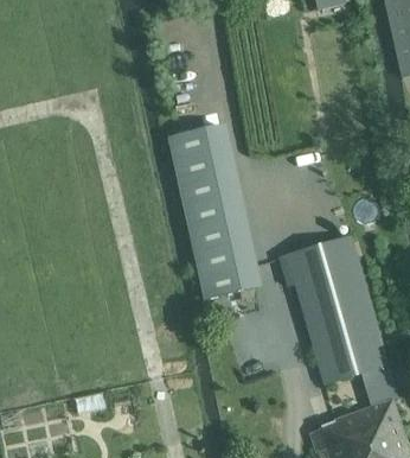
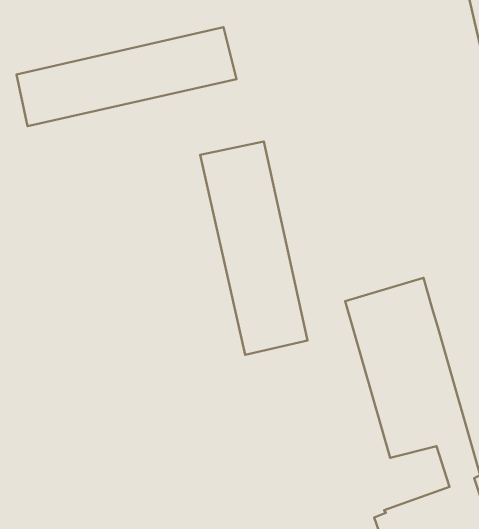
building: none -> [17,27,237,126]

